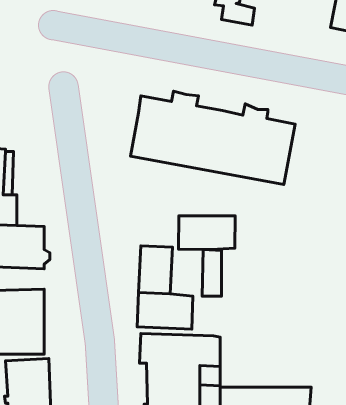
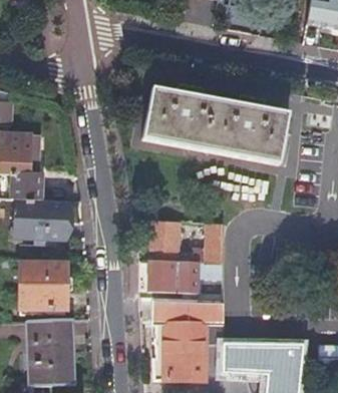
building: [179,216,235,249] -> none

